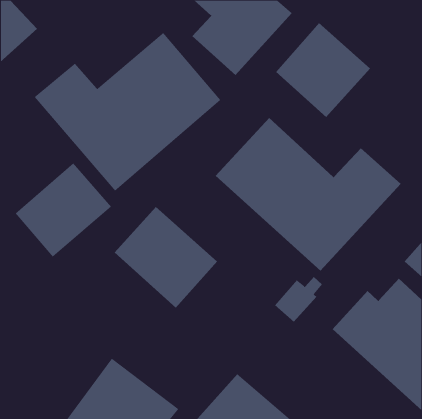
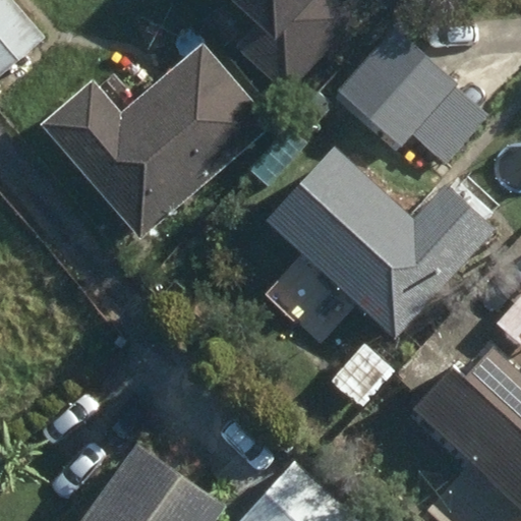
building: [15,163,112,258] -> none
building: [114,206,218,309] -> none

